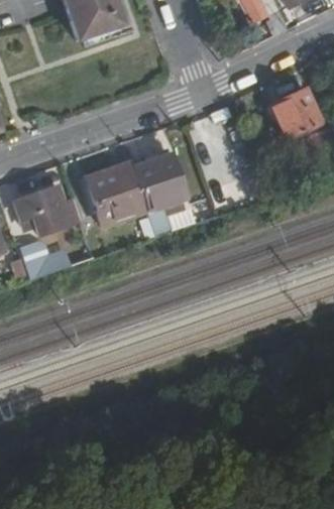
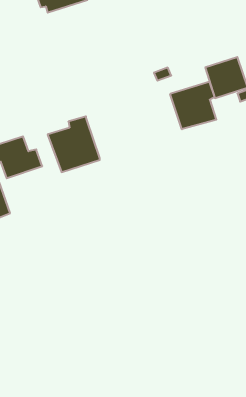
building: none -> [170,81,216,129]
building: [131,155,185,211] -> none

